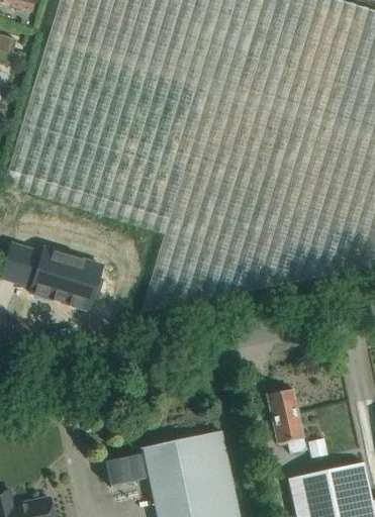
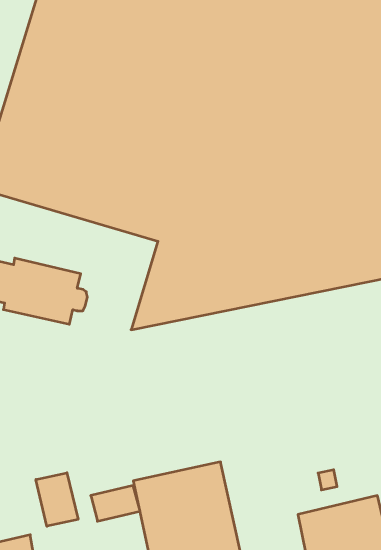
building: [268,389,306,452] -> none
building: none -> [36,473,78,526]

